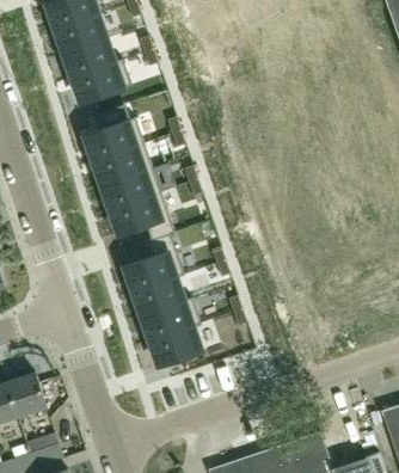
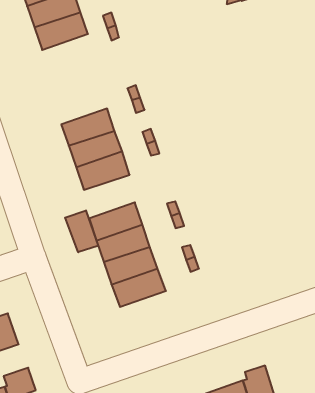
building: [70,60,130,103] -> none
building: [84,117,143,161] -> none
building: none -> [65,210,98,252]

